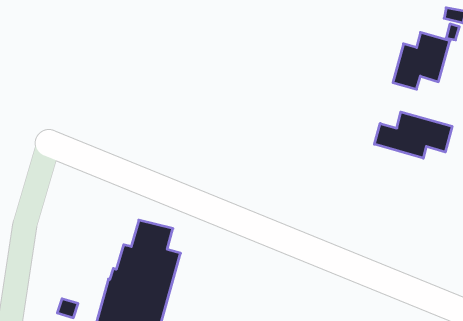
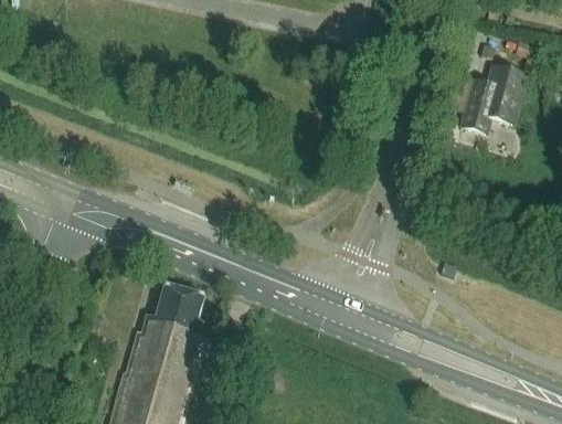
building: [374,112,452,158] -> none

